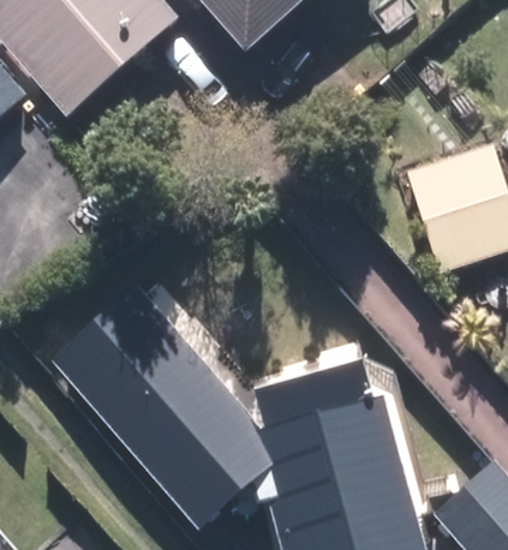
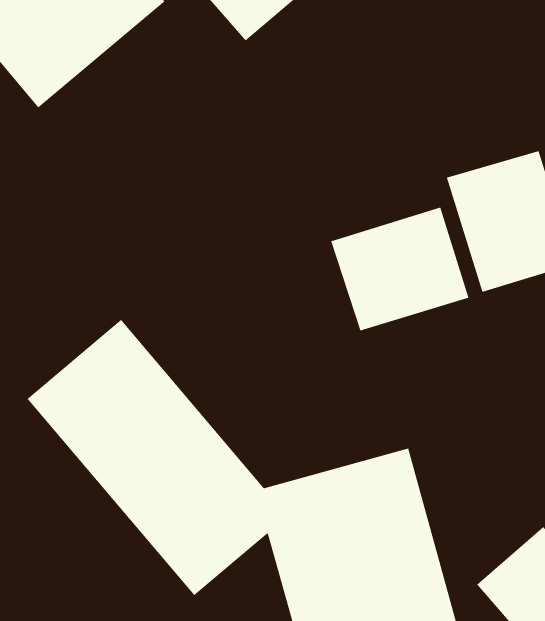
building: none -> [330,207,469,332]

